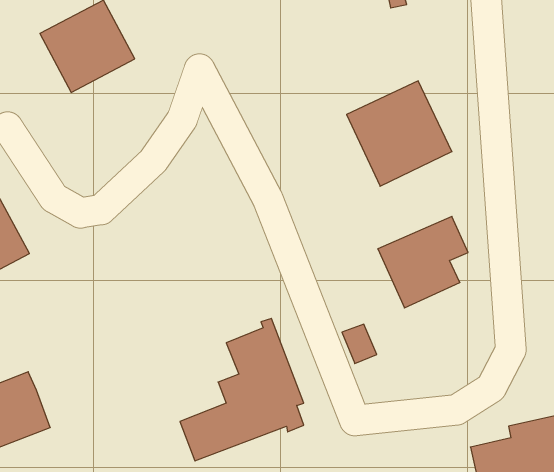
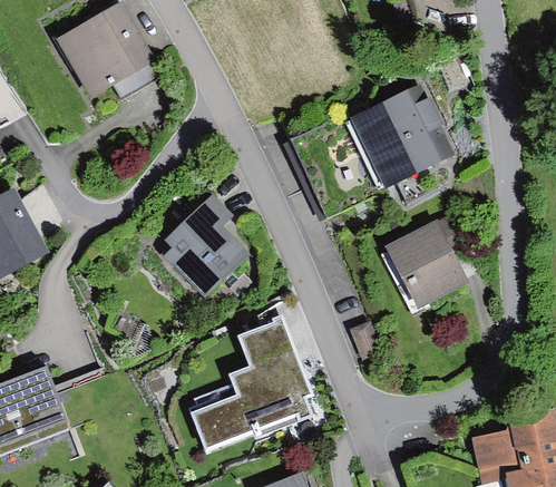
building: none -> [163,194,250,299]

